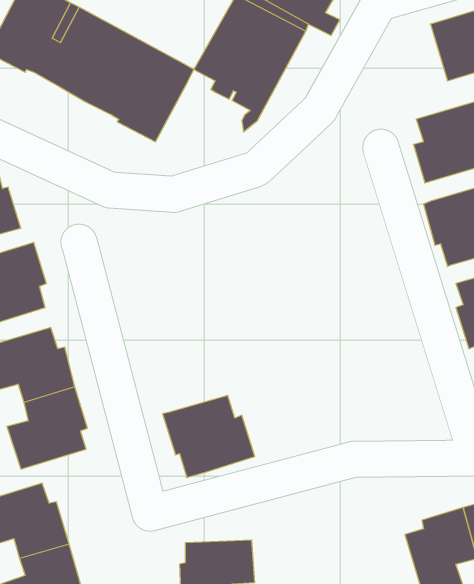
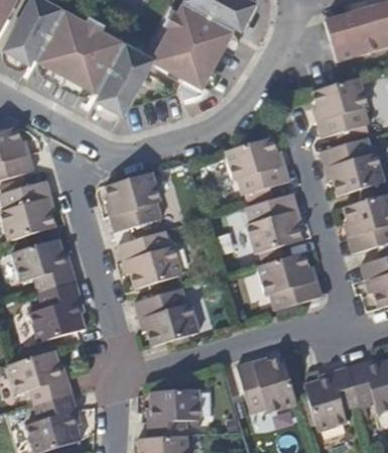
building: none -> [223,137,289,193]
building: none -> [104,172,160,229]
building: none -> [244,193,302,249]
building: none -> [117,231,181,287]
building: none -> [256,251,321,309]
building: none -> [239,357,296,415]

